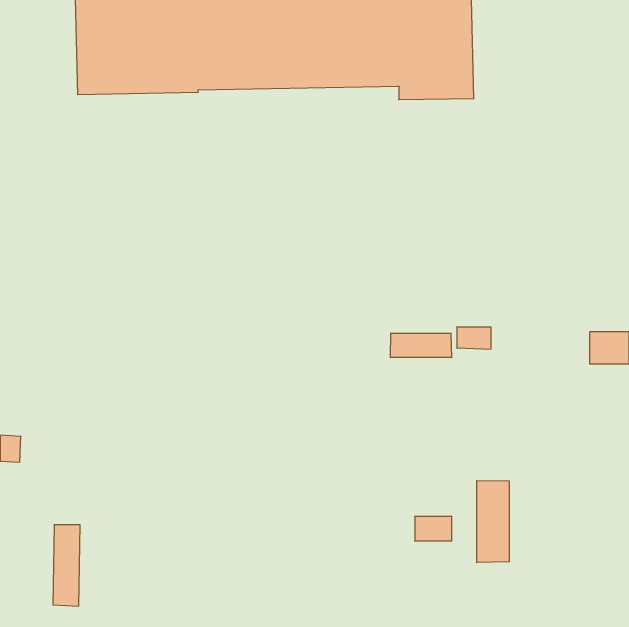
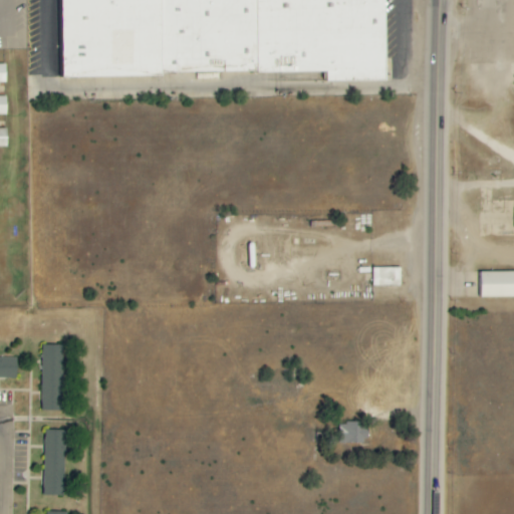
building: [390,333,452,358] -> none
building: none -> [41,343,62,410]
building: [477,481,509,563] -> none

